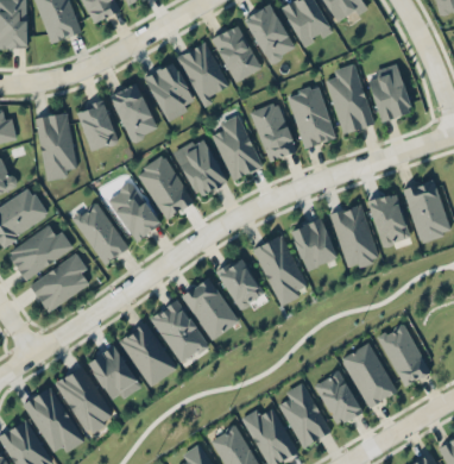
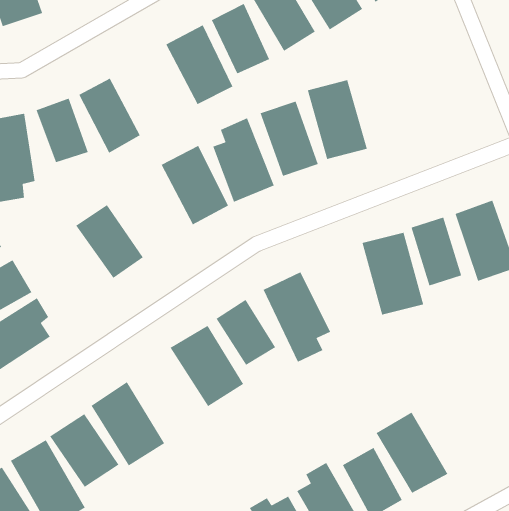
building: [146,63,195,120] -> none
building: [327,63,374,134] -> none
building: [367,64,411,121] -> none
building: [139,156,193,220] -> none
building: [71,201,128,265] -> none
building: [290,218,336,270] -> none
building: [150,299,209,364] -> none
building: [379,325,429,387] -> none

